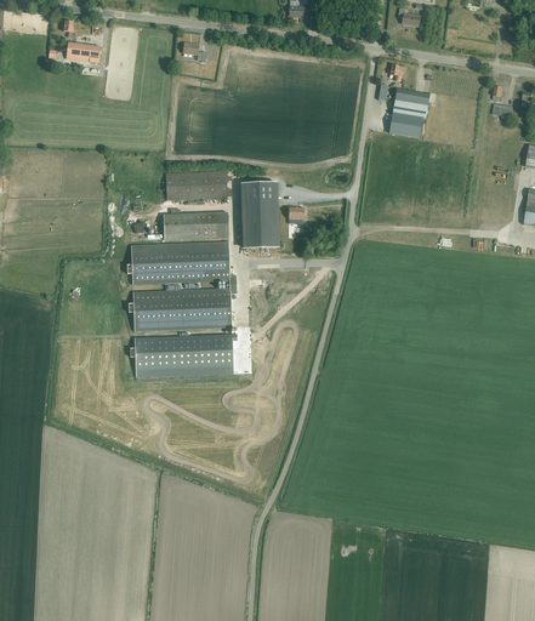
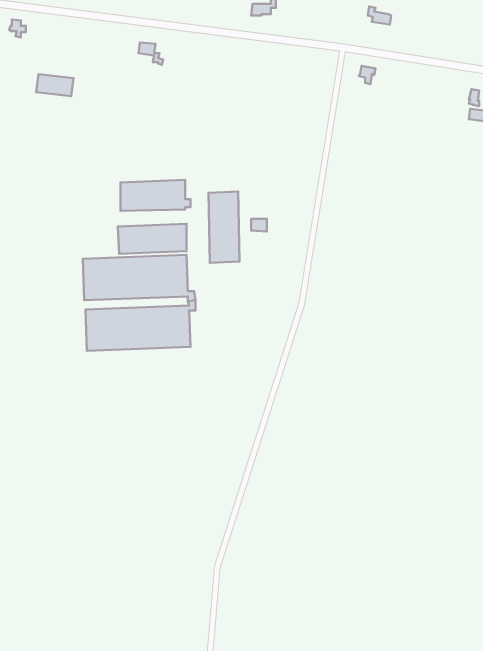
building: [66,41,101,62] -> [36,74,74,96]
building: [389,87,429,137] -> none
building: [135,334,237,376] -> none

